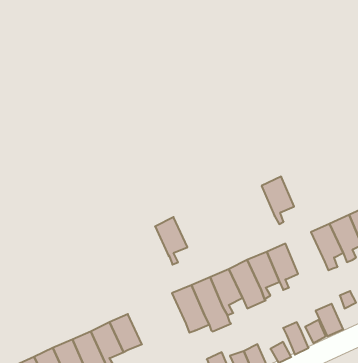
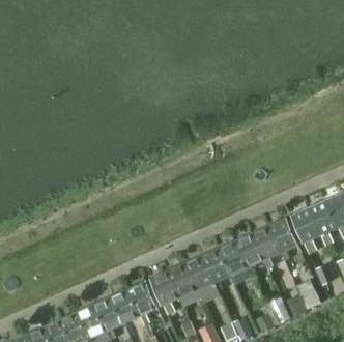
building: [262,177,294,224] -> [268,218,297,260]
building: [155,217,187,265] -> [150,270,179,313]
building: none -> [127,282,156,323]

